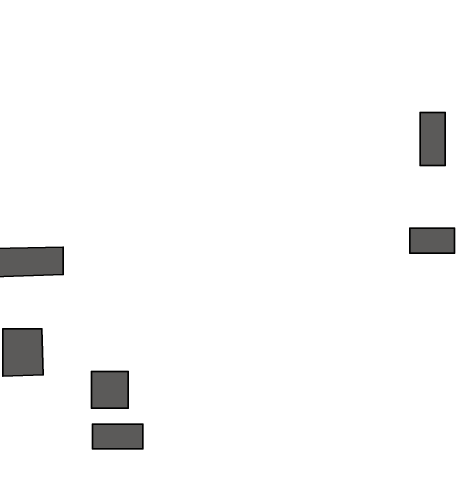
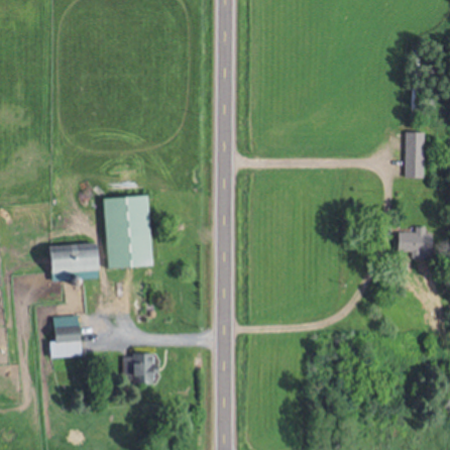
building: none -> [103,196,153,267]
building: [93,424,143,449] -> none

